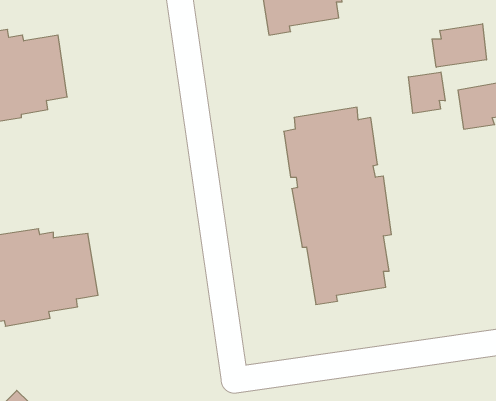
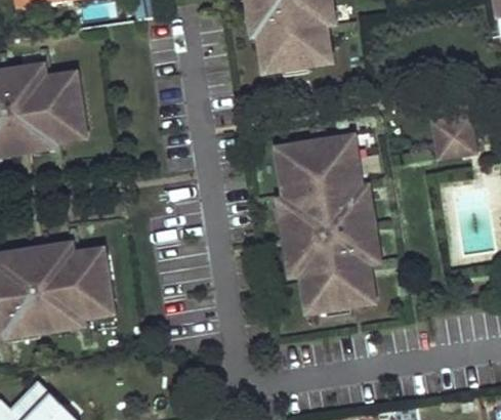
building: [432,24,486,67] -> none
building: [408,72,445,113] -> none

